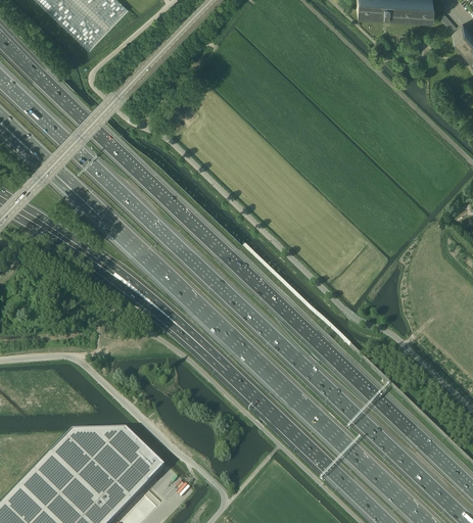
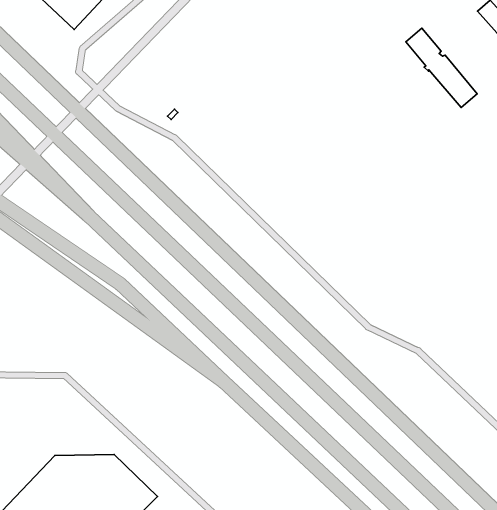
building: none -> [406,28,477,107]

